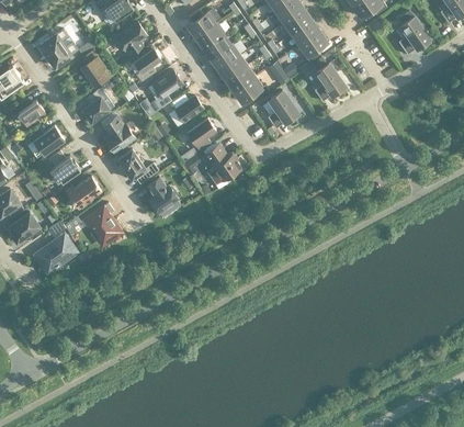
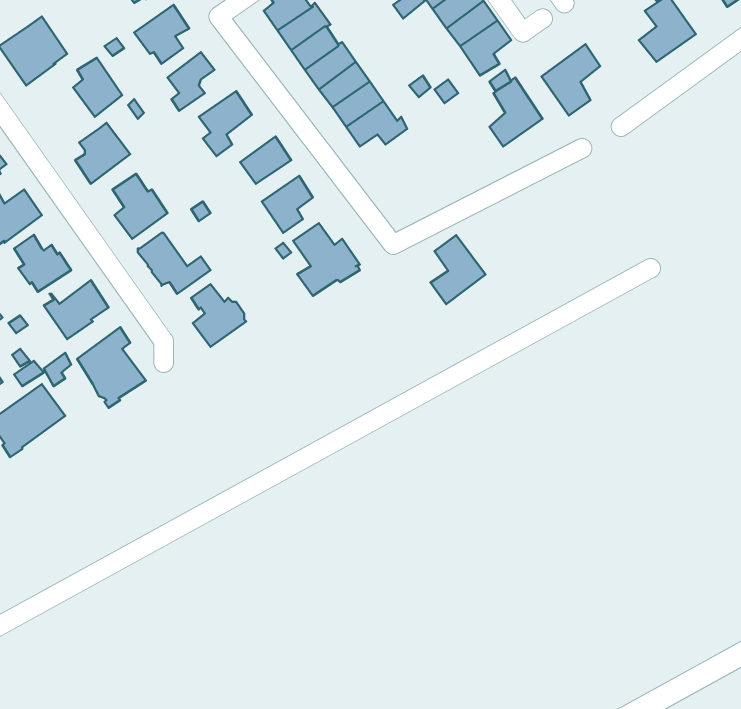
building: none -> [542,44,600,115]
building: [267,90,297,128] -> [431,235,486,304]

